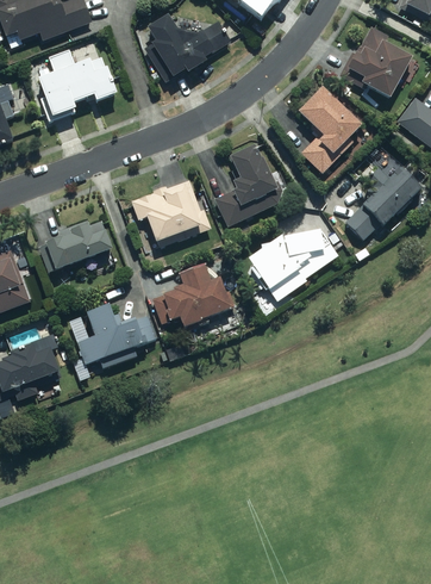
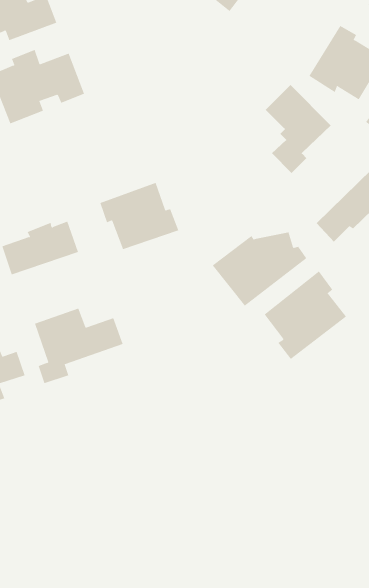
building: [145,12,229,81] -> none
building: [212,144,280,228] -> none
building: [151,265,233,327] -> none
building: none -> [264,270,347,360]

